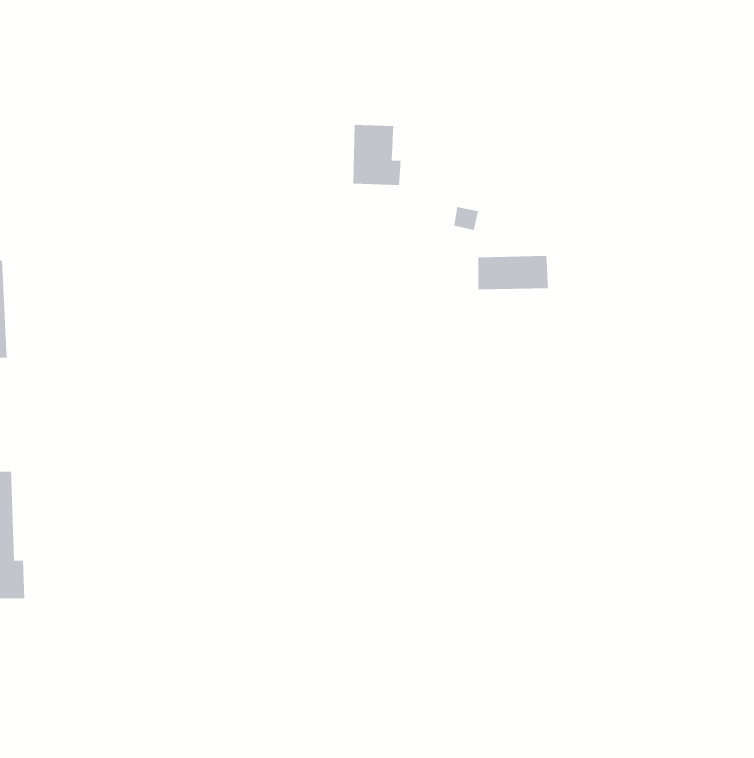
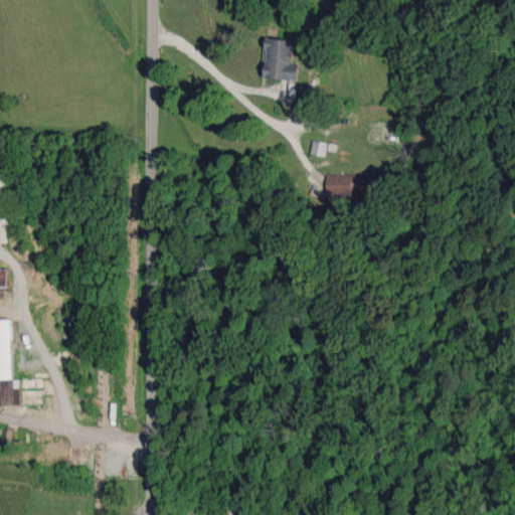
building: [352,124,401,185] -> [262,39,295,80]

